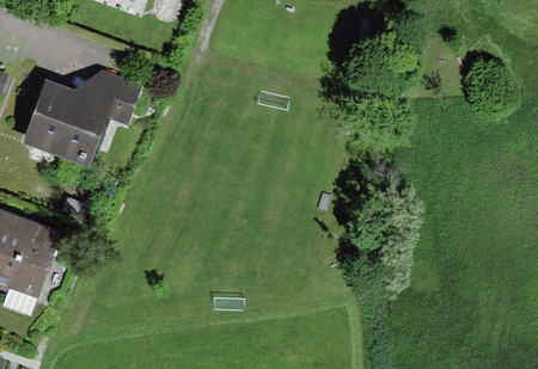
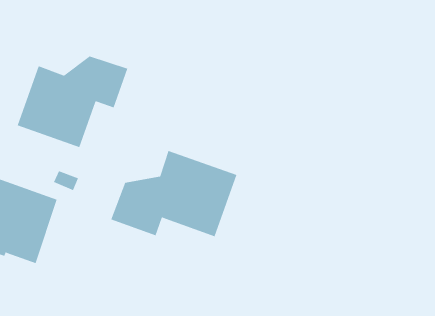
building: none -> [111,150,237,237]

